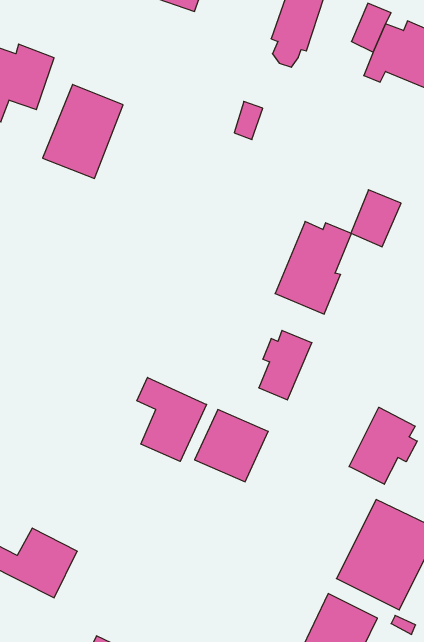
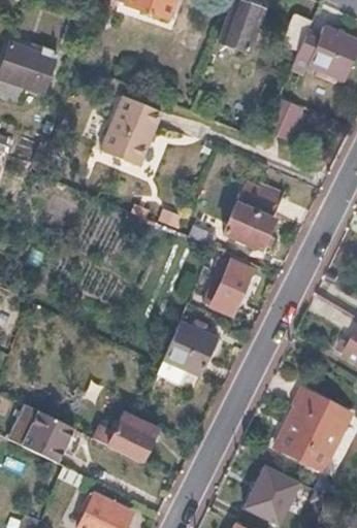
building: [43,84,123,178] -> [99,97,160,168]
building: [351,190,401,247] -> [264,97,302,140]
building: [137,377,207,461] -> none
building: [349,407,417,484] -> none
building: none -> [92,410,155,461]

